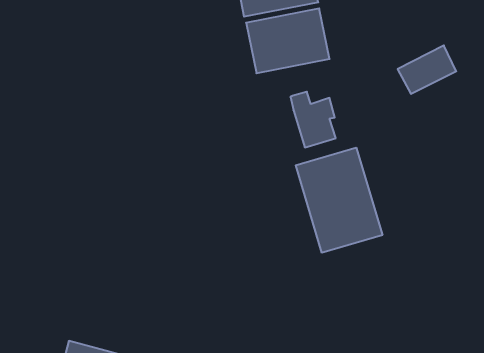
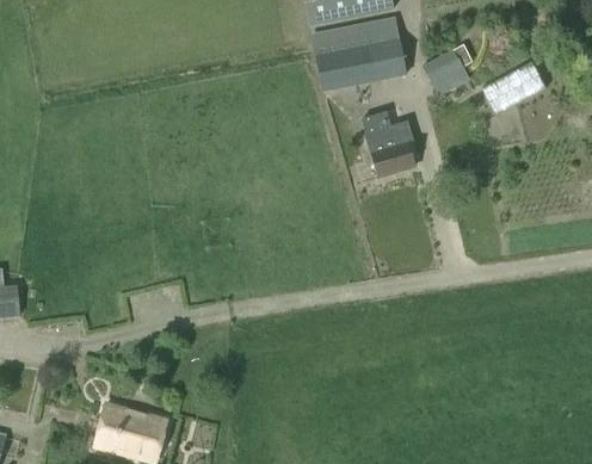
building: none -> [423,48,470,94]
building: [296,148,382,253] -> none

